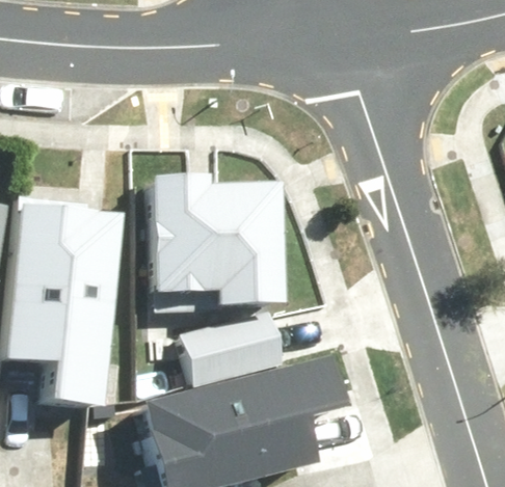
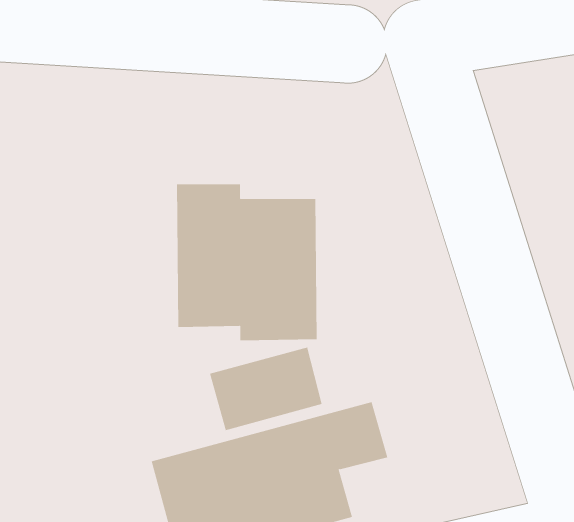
building: [17,206,111,403] -> none

